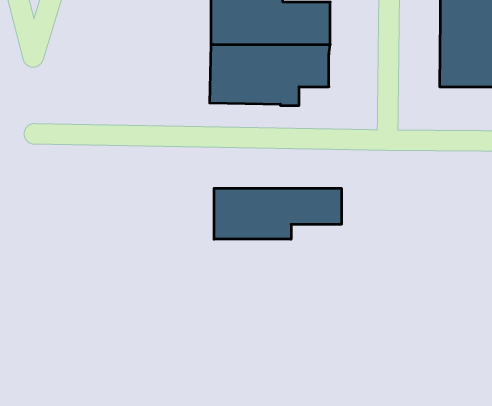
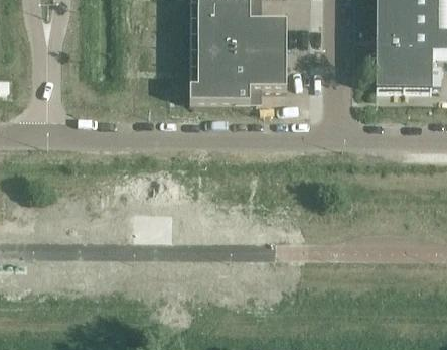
building: [214,188,341,239] -> none

